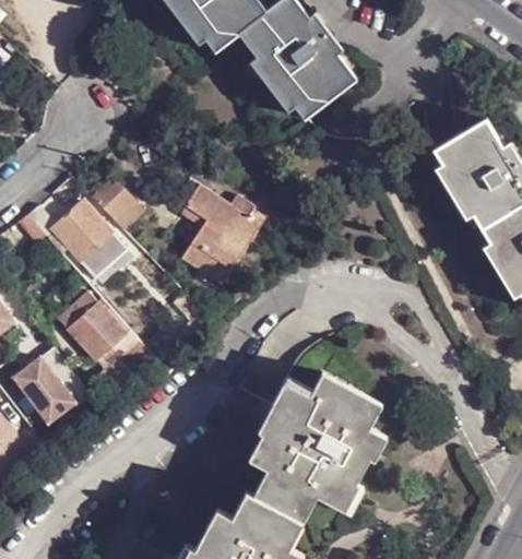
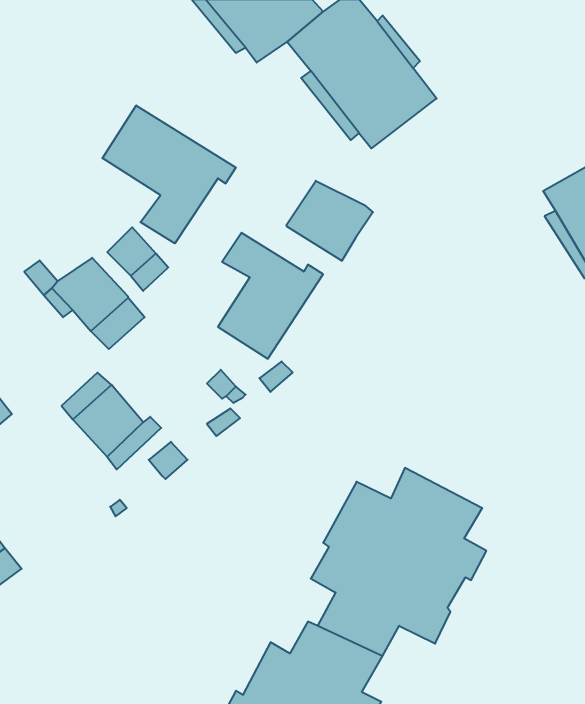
building: none -> [102,105,236,243]
building: none -> [286,181,373,261]
building: [13,348,88,421] -> none

